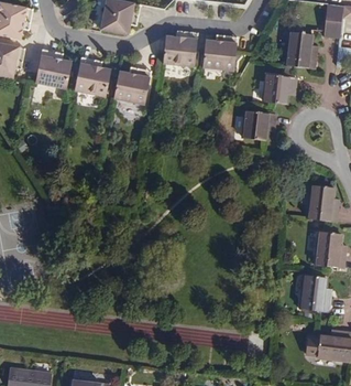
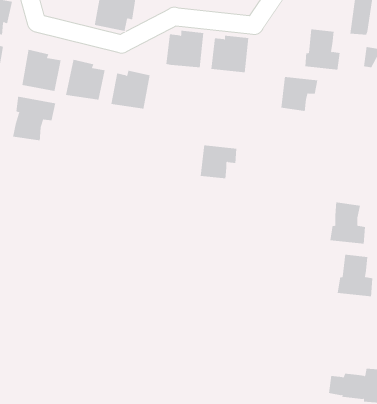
building: none -> [13,96,56,141]
building: [243,109,276,139] -> [200,145,237,179]
building: [300,274,331,310] -> none

